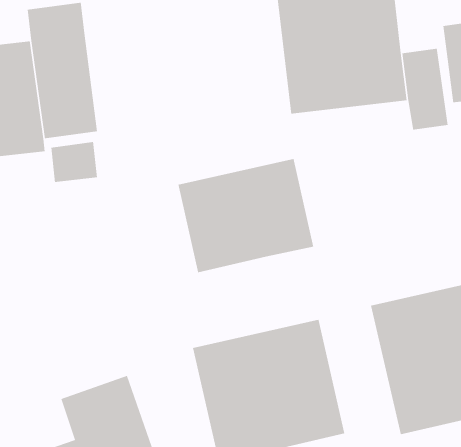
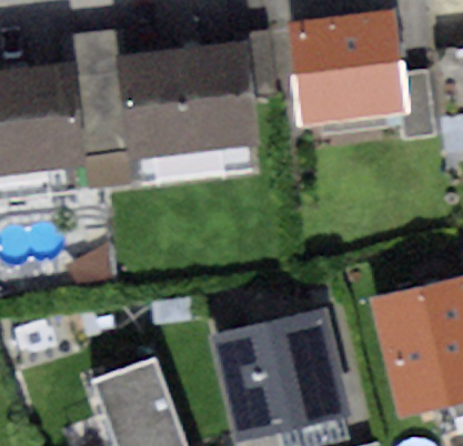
building: none -> [119,38,258,153]
building: [178,158,314,273] -> none

